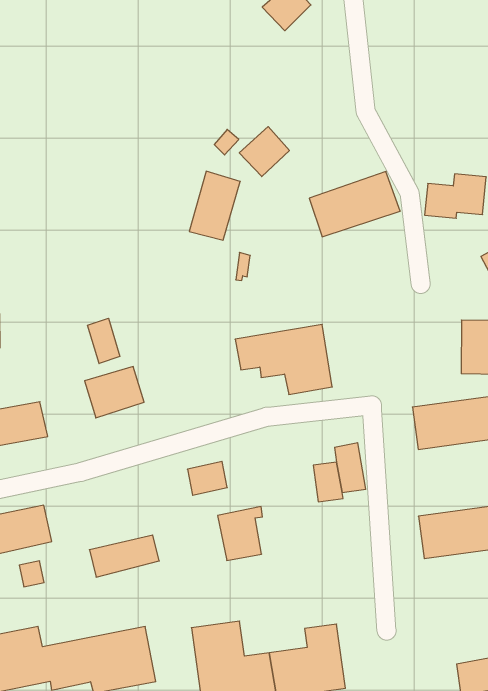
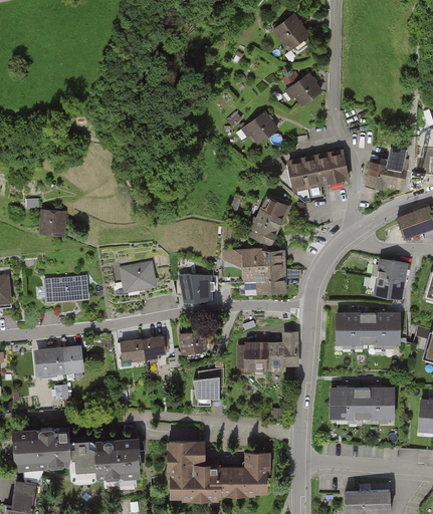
building: none -> [287,73,321,106]
building: [189,171,240,240] -> [249,197,288,245]
building: [88,318,120,364] -> none
building: none -> [178,272,213,301]
building: none -> [239,344,265,370]
building: [89,535,159,577] -> [120,337,166,360]

